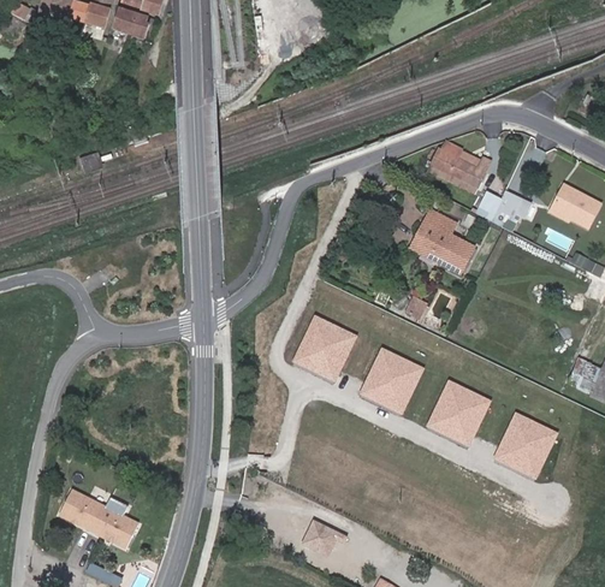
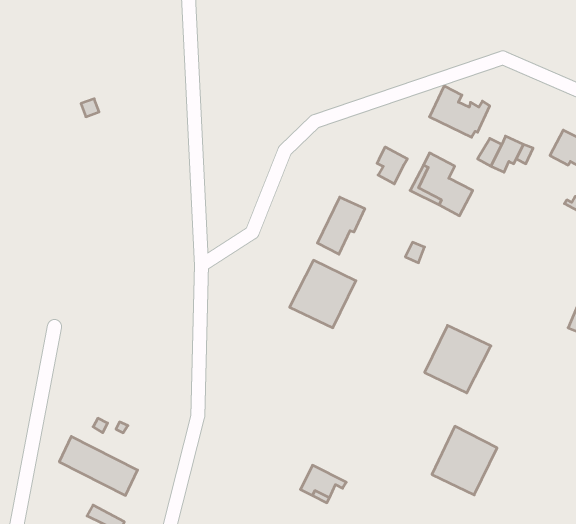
building: none -> [377,147,407,184]
building: none -> [317,197,365,254]
building: [357,346,423,414] -> none
building: [492,410,557,479] -> [432,426,497,495]

